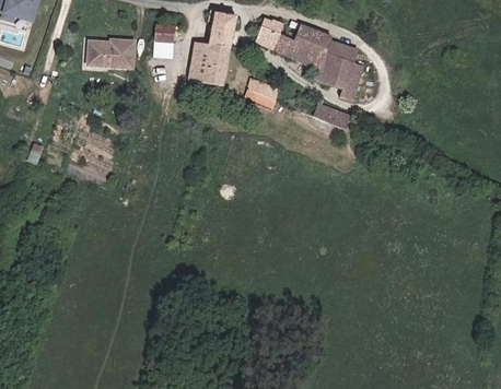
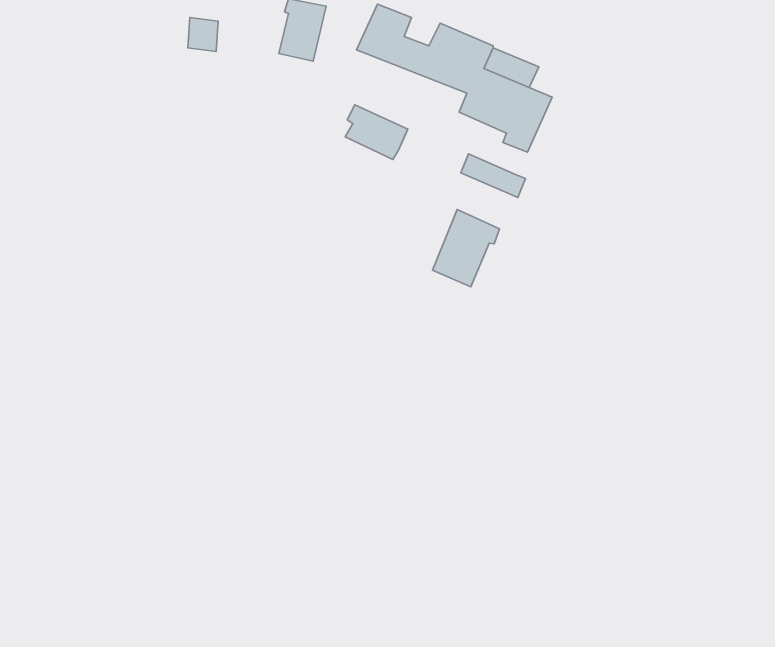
building: [82,38,136,70] -> none
building: [188,39,229,85] -> none
building: none -> [432,210,500,287]

